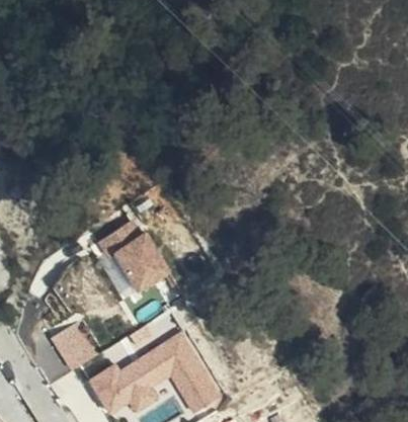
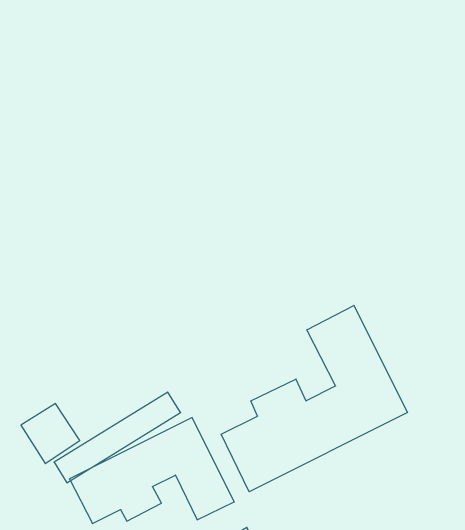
building: [95,220,165,296] -> none
building: none -> [221,305,407,492]

